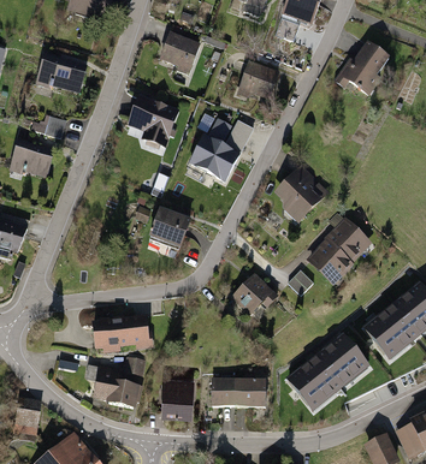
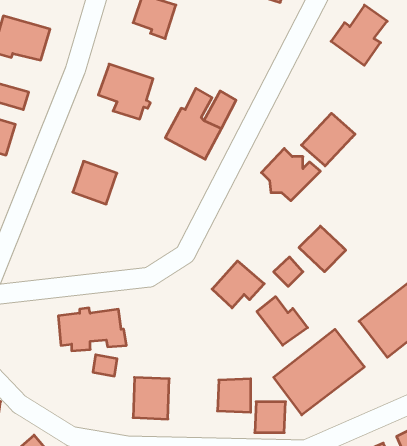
building: [236,61,279,100] -> none
building: none -> [301,113,355,166]
building: [149,209,189,248] -> [73,161,117,204]
building: [325,220,367,261] -> none
building: none -> [257,297,308,345]
building: [91,367,137,412] -> none
building: [208,380,236,408] -> [255,402,286,433]

